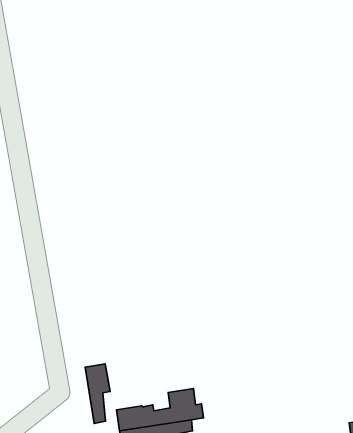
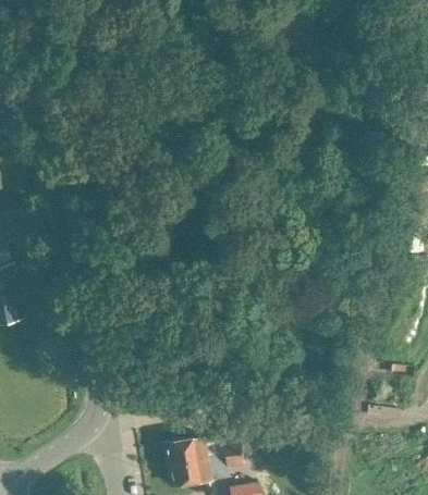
building: [85,364,110,424] -> none

